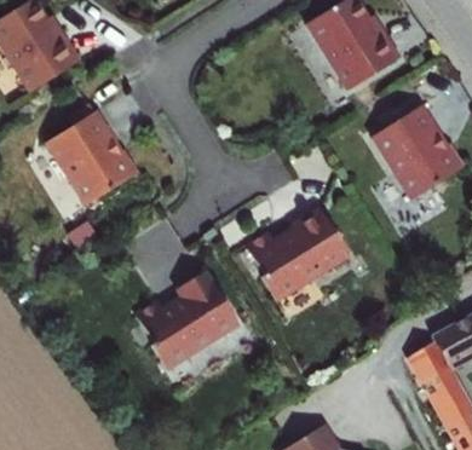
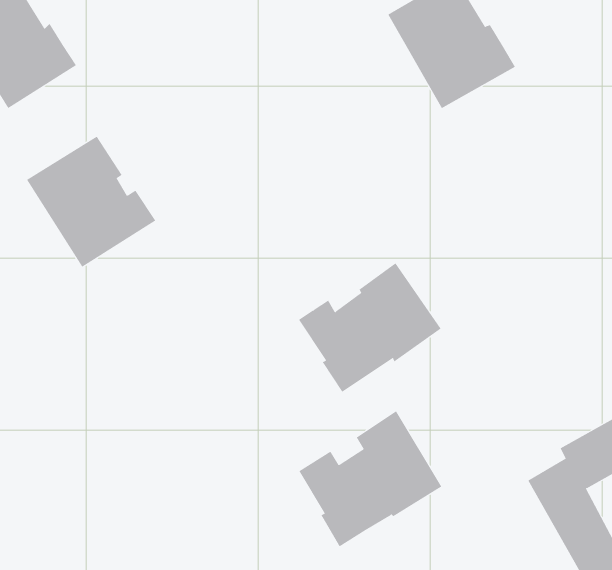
building: [369,108,460,203] -> none
building: [136,267,238,365] -> [299,410,442,547]

